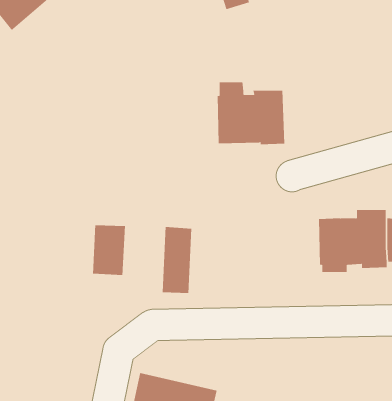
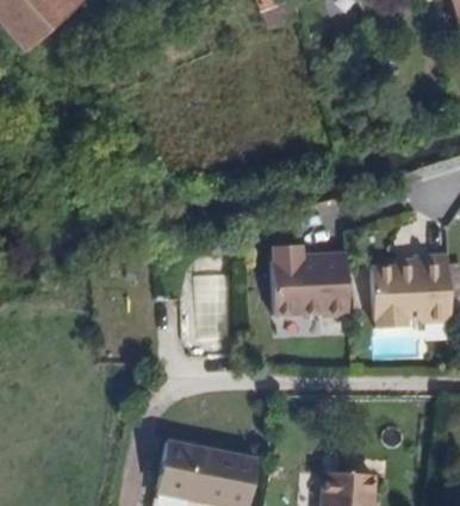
building: [217,82,285,145] -> [269,243,347,314]
building: [92,225,125,276] -> none

